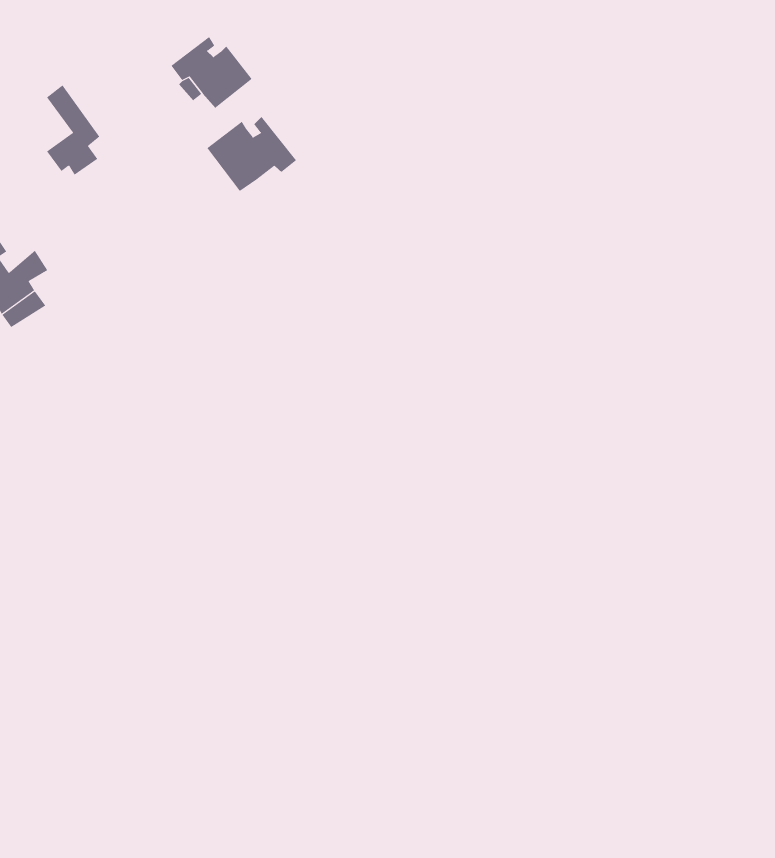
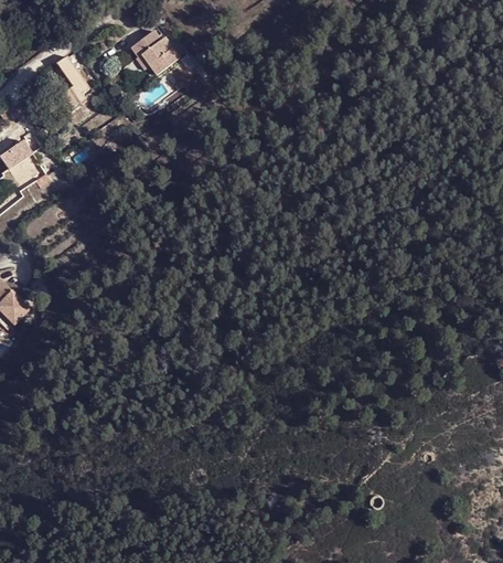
building: [207,116,297,192] -> none

